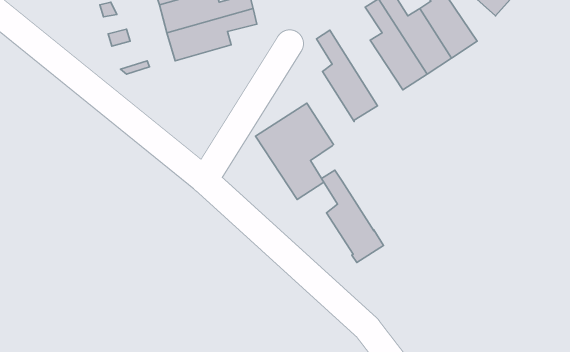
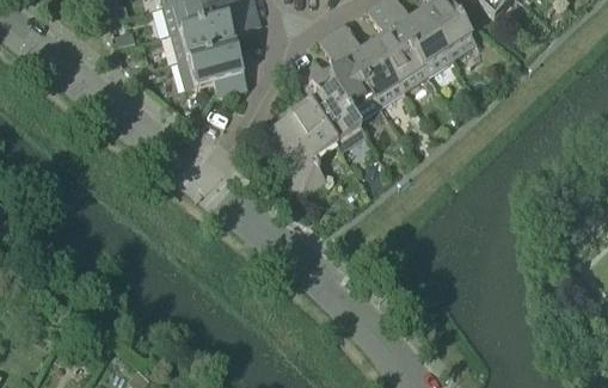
building: none -> [331,24,403,106]
building: none -> [179,47,246,98]
building: [322,170,384,263] -> [303,62,364,153]

